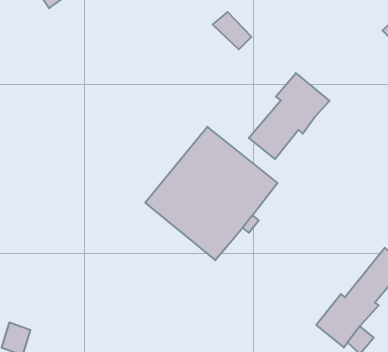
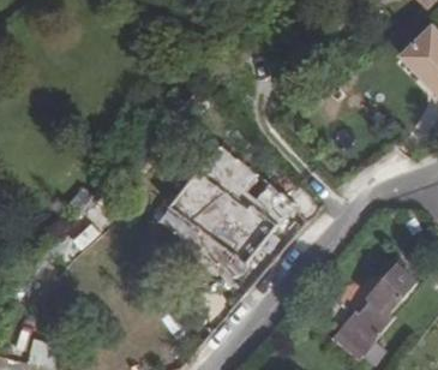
building: [249,73,330,159] -> none

